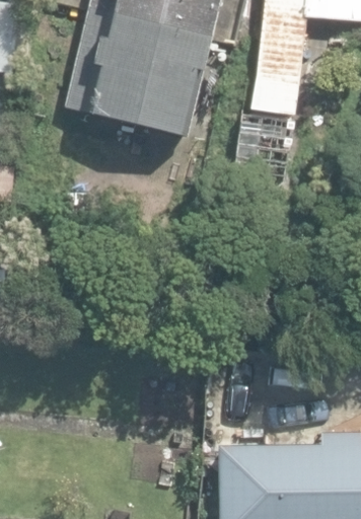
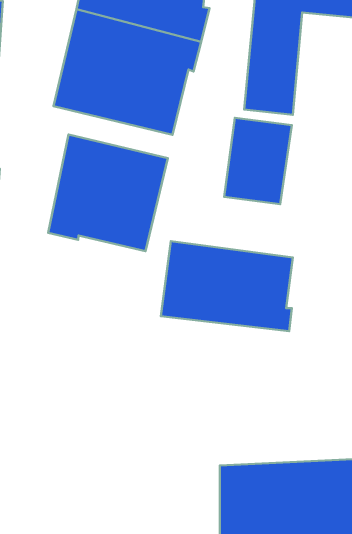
building: none -> [48,134,168,251]
building: none -> [161,241,293,331]

